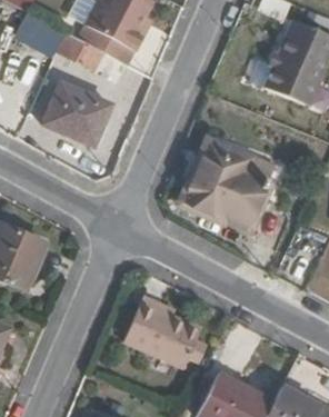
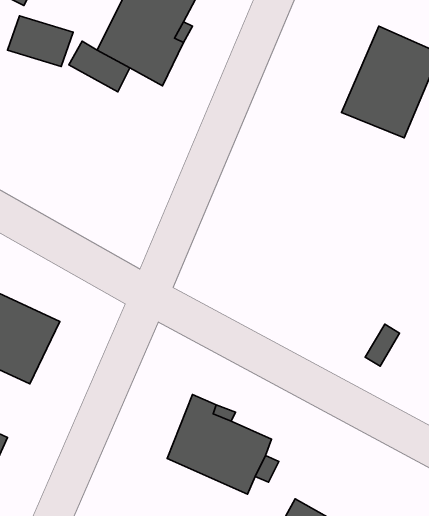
building: [41,79,107,143] -> none
building: [183,143,268,222] -> none

